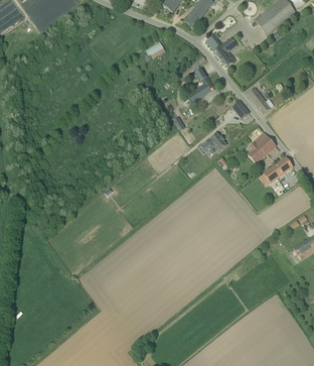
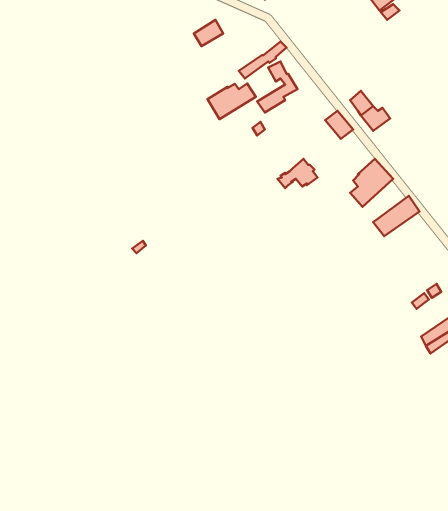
building: [206,34,238,66] -> none
building: none -> [208,83,256,119]

